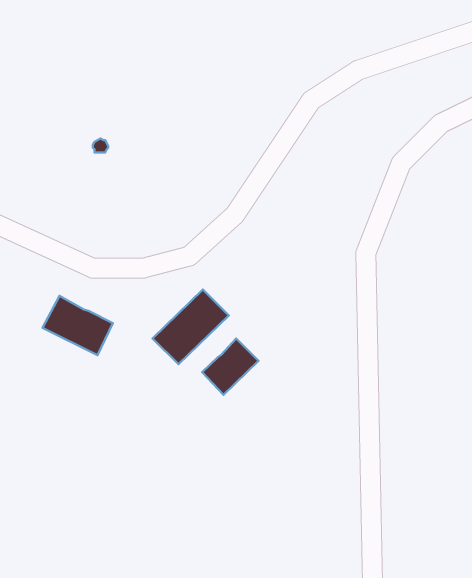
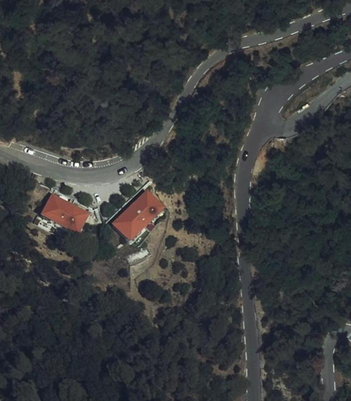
building: [202,338,259,395] -> none

